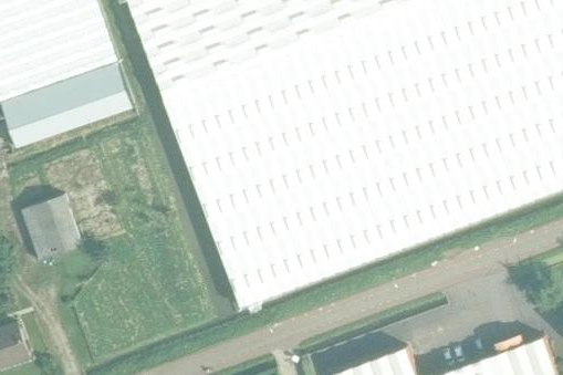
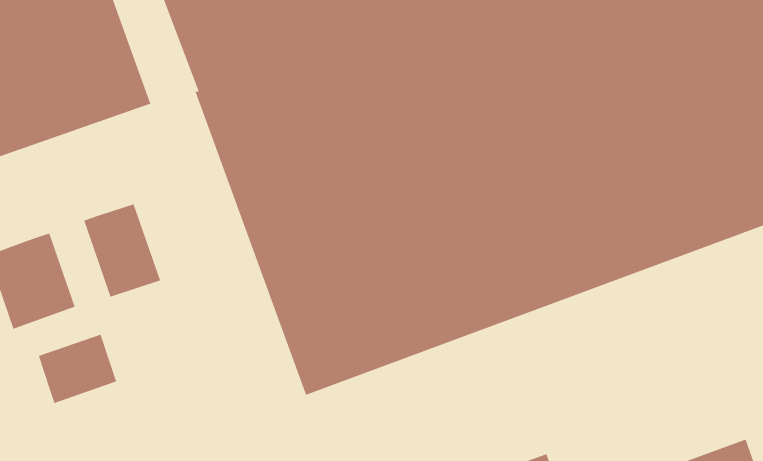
building: none -> [83,203,161,298]
building: none -> [38,334,117,404]

